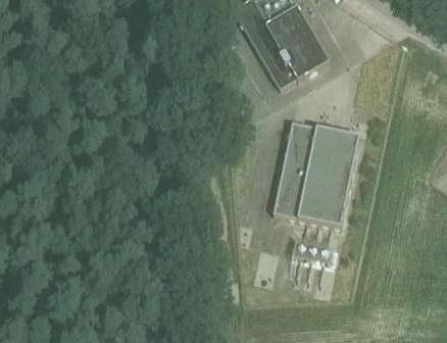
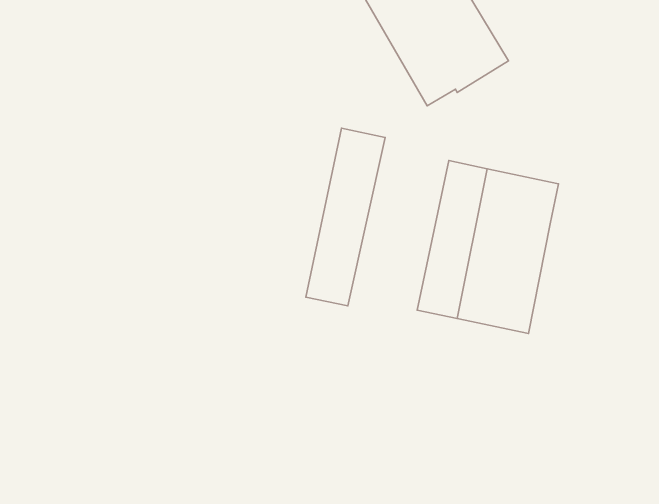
building: none -> [306,128,385,306]

